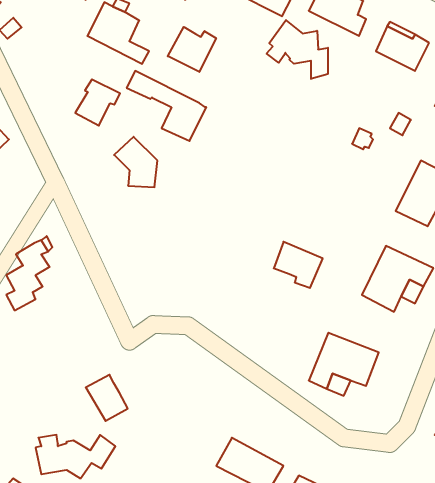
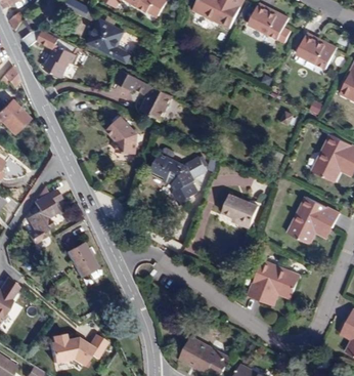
building: [267,20,328,79] -> none
building: [168,27,216,72] -> none
building: [75,79,120,126] -> [43,43,76,77]
building: none -> [148,153,206,203]
building: [86,375,128,421] -> [65,242,96,276]

